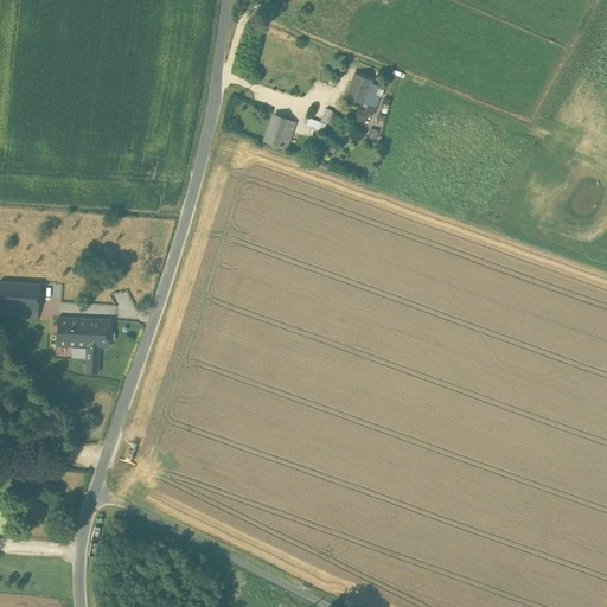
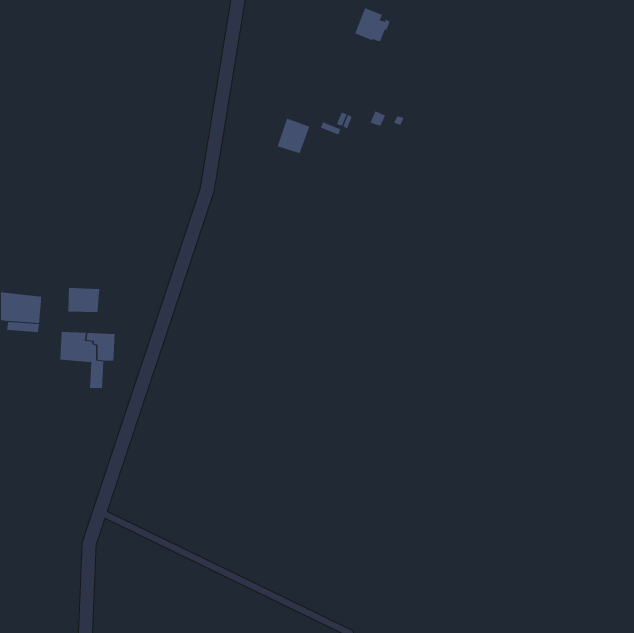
building: [345,71,379,104] -> [355,8,391,42]
building: none -> [68,287,100,313]

